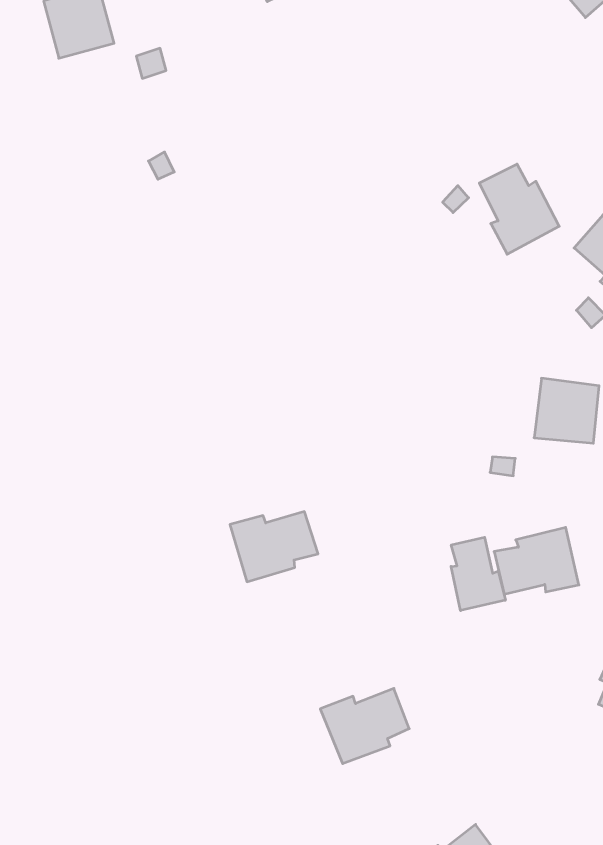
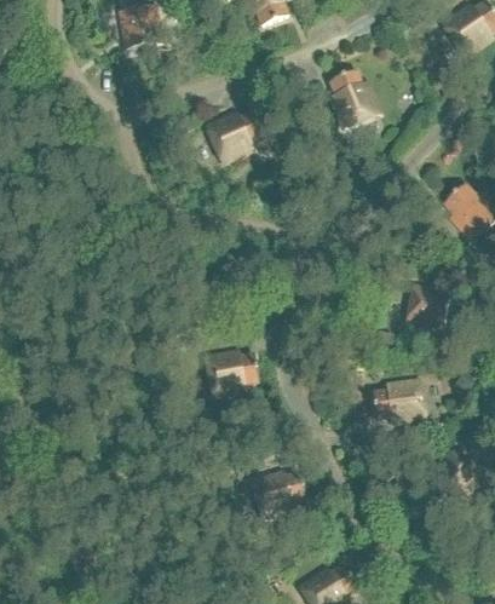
building: none -> [206,110,264,160]
building: [479,164,559,254] -> [329,69,378,126]
building: [451,537,505,611] -> none

